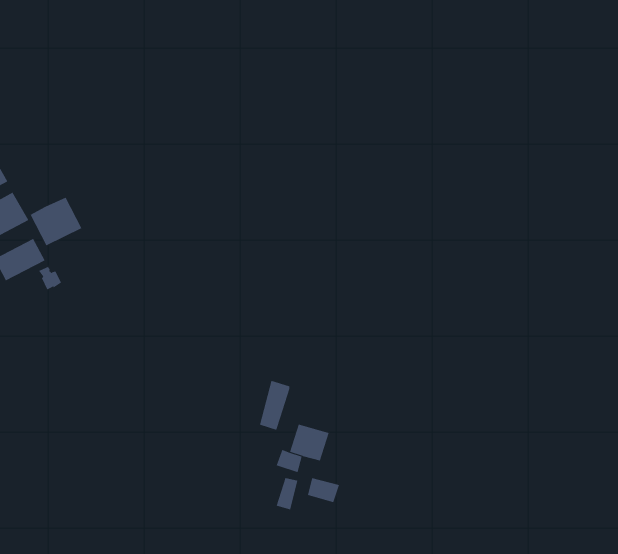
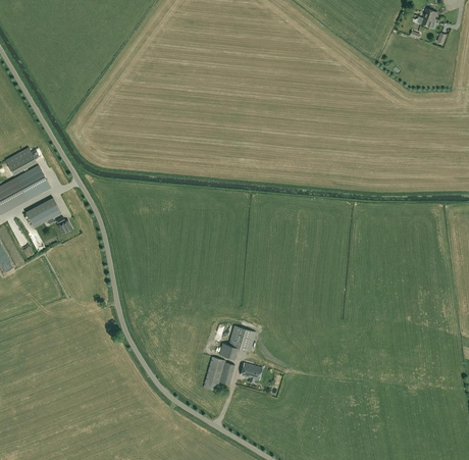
building: [30,197,82,246] -> none
building: [259,380,290,431] -> [204,356,225,391]

